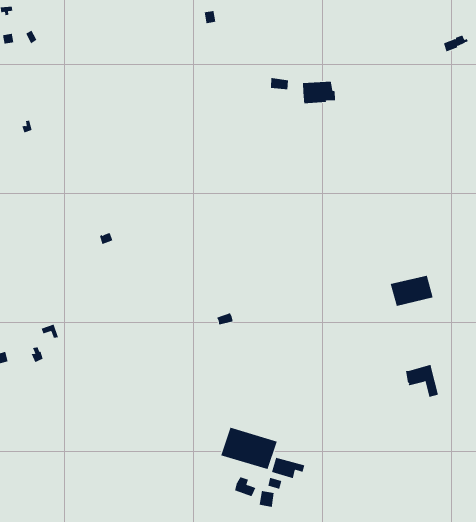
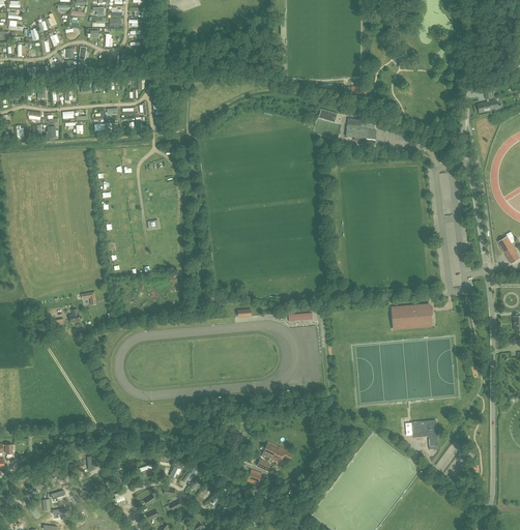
building: [405,364,439,398] -> [411,420,437,449]
building: [220,427,278,470] -> none

